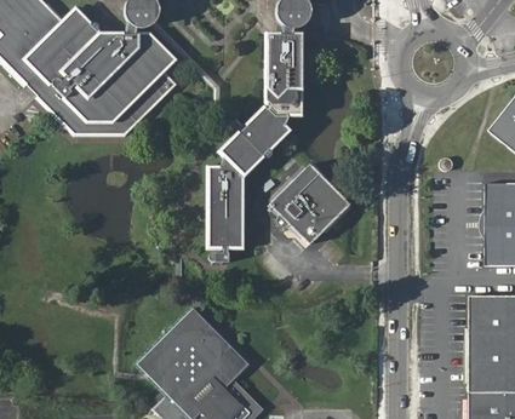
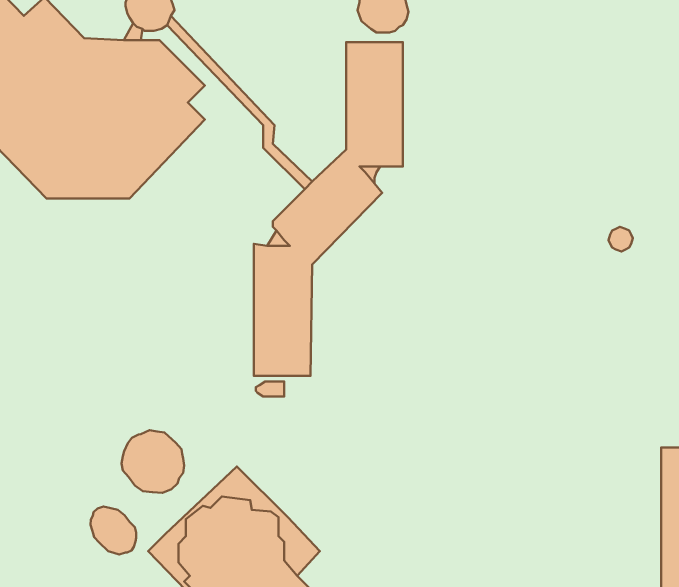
building: [270,163,350,243] -> none
building: none -> [122,430,184,493]
building: none -> [91,507,136,554]

